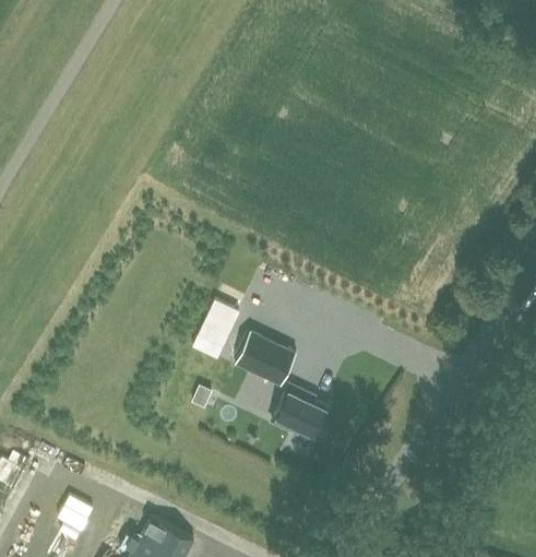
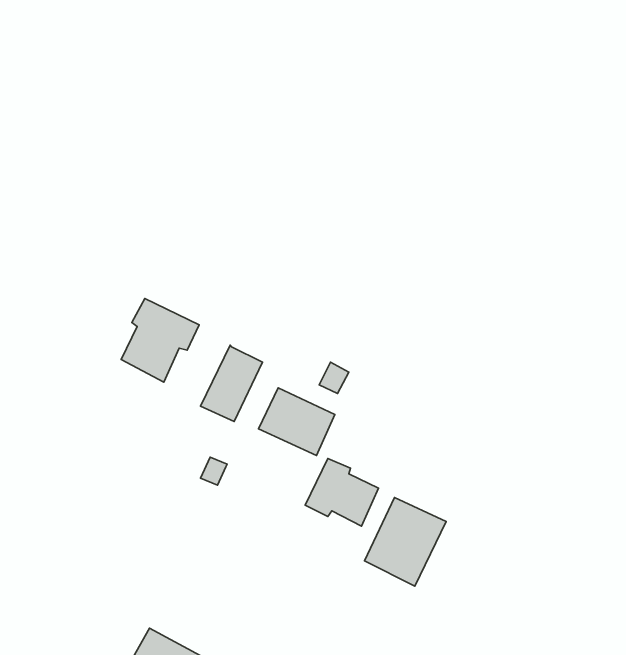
building: none -> [121,298,199,382]
building: none -> [365,497,446,586]

